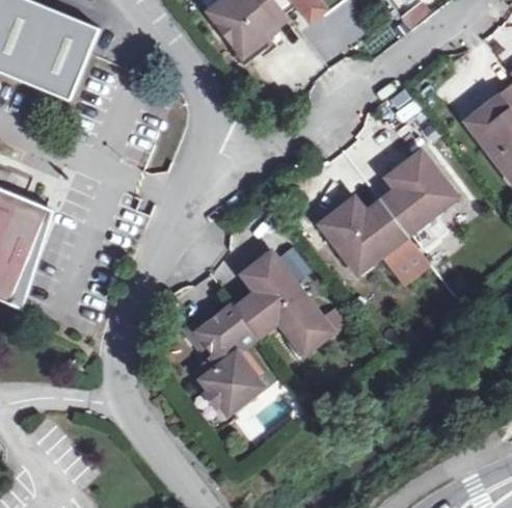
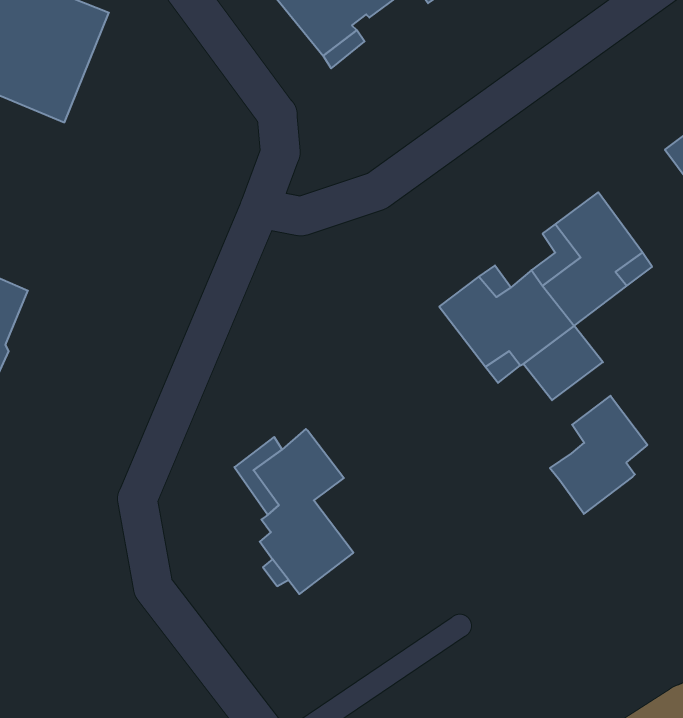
building: [231,248,328,350] -> none
building: none -> [550,396,647,514]

